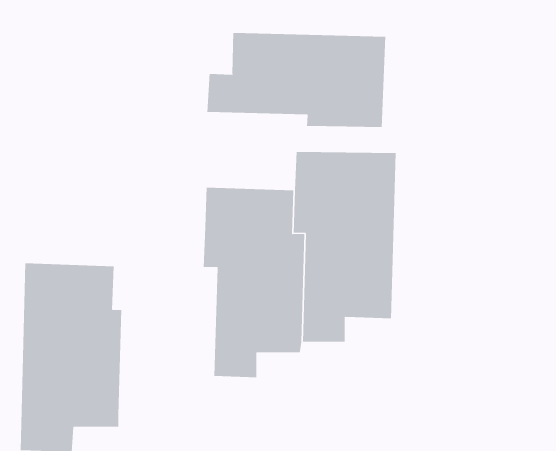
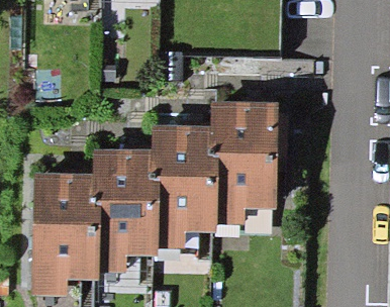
building: [207,32,386,128] -> none
building: none -> [93,148,161,274]

